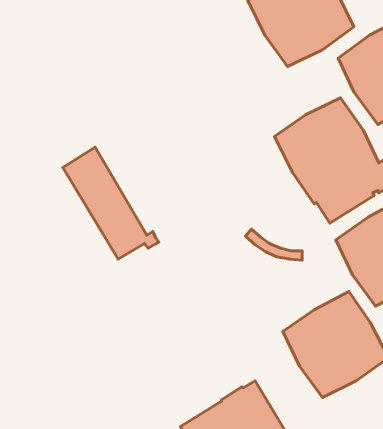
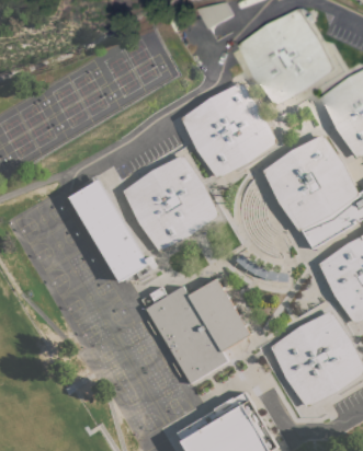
building: none -> [180,82,276,178]
building: none -> [123,155,219,252]
building: none -> [145,279,250,383]

